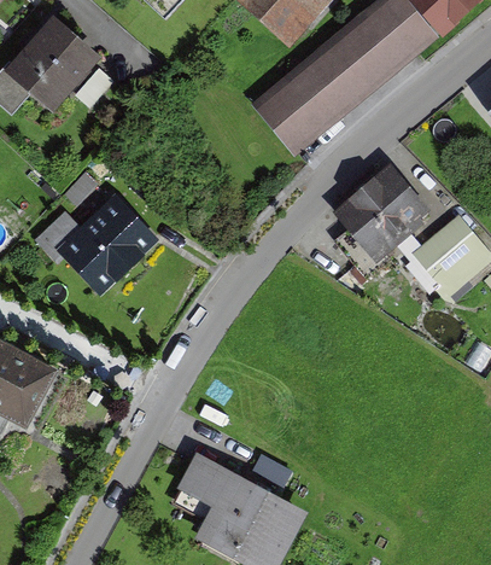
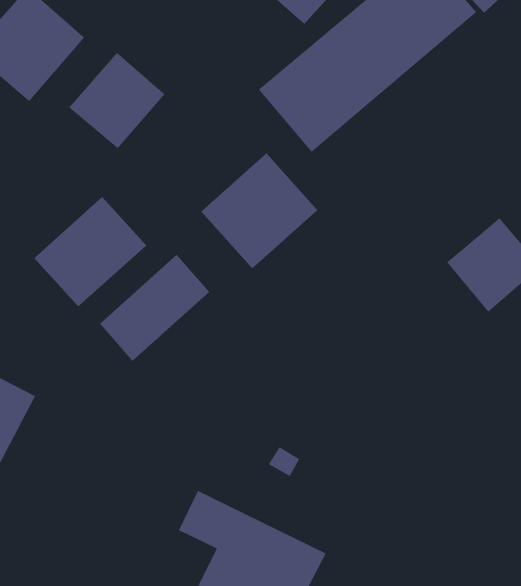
building: none -> [68,52,165,149]
building: [332,162,433,262] -> [200,152,318,269]
building: none -> [99,254,210,362]

